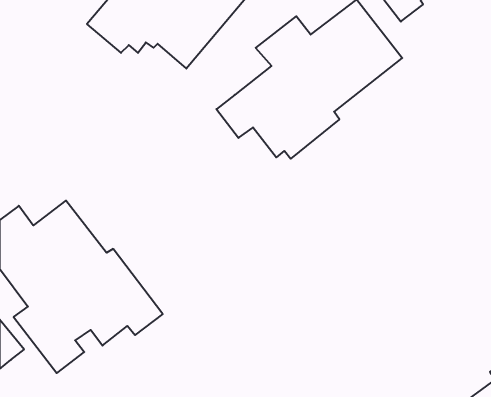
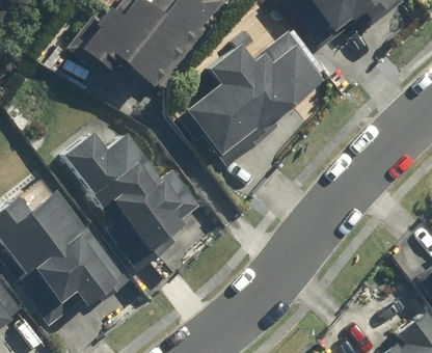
building: none -> [64,133,201,273]

